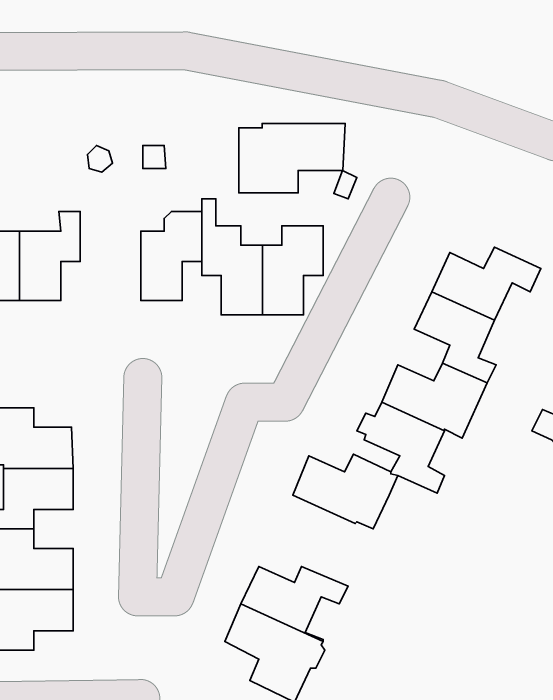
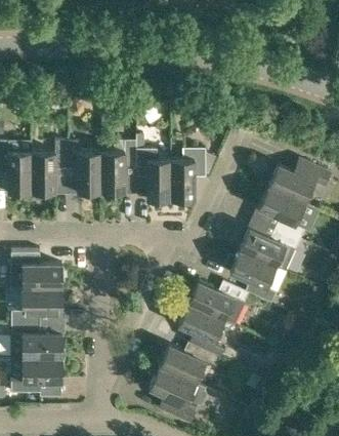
building: [239,124,345,193] -> none
building: none -> [67,142,101,193]
building: none -> [178,305,227,357]

